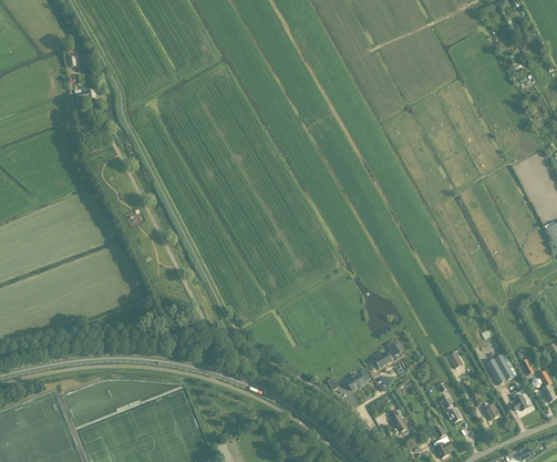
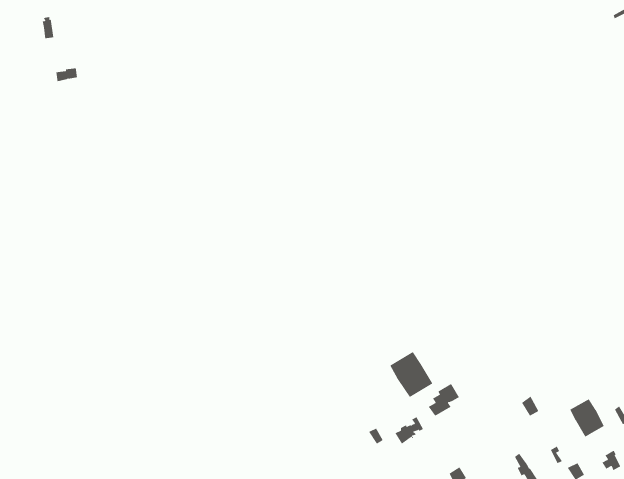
building: none -> [389,351,433,398]

